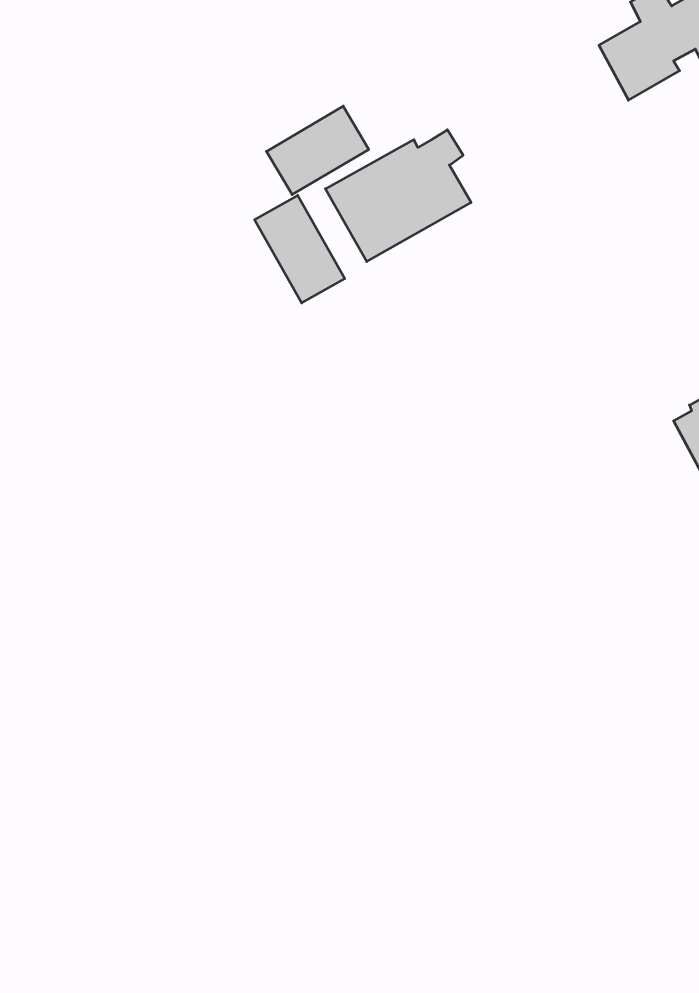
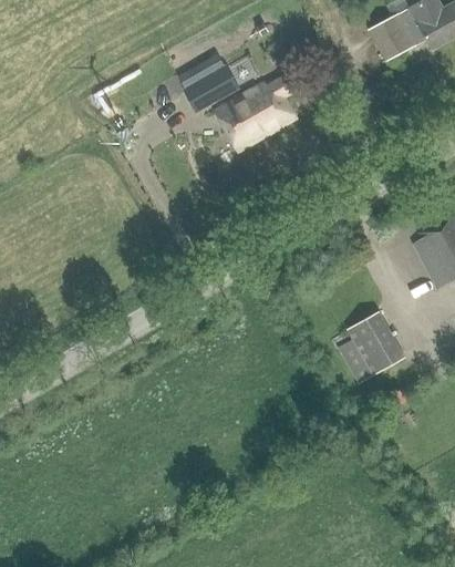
building: [255,195,345,303] -> none
building: none -> [342,308,412,381]

